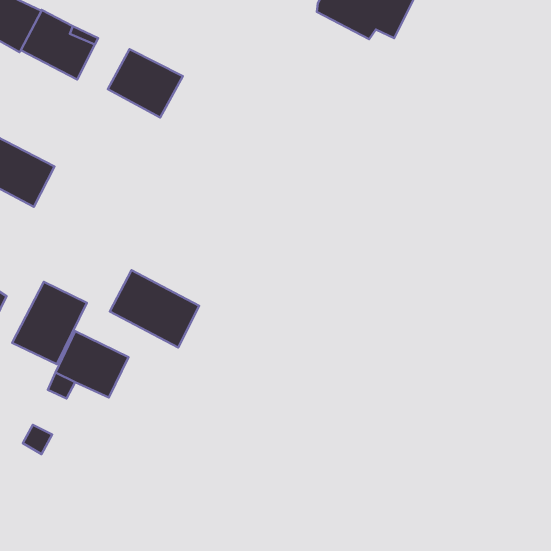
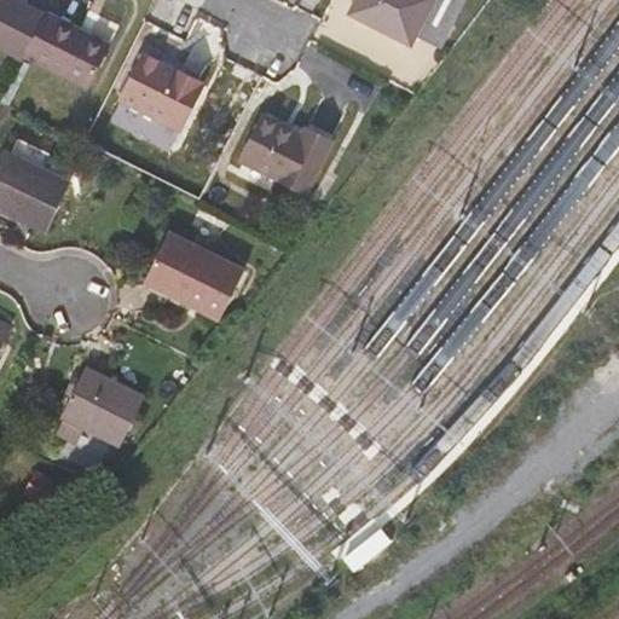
building: none -> [241,120,331,196]
building: [110,270,199,347] -> [141,232,241,318]
building: [12,282,87,364] -> none

